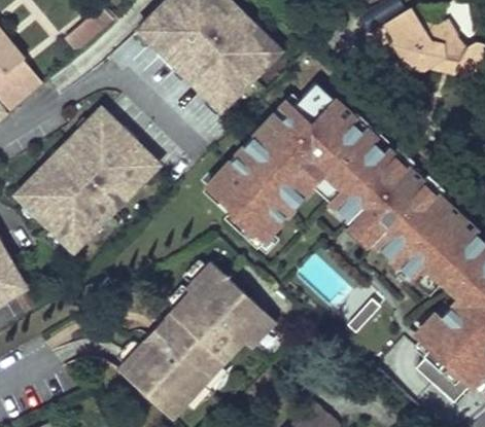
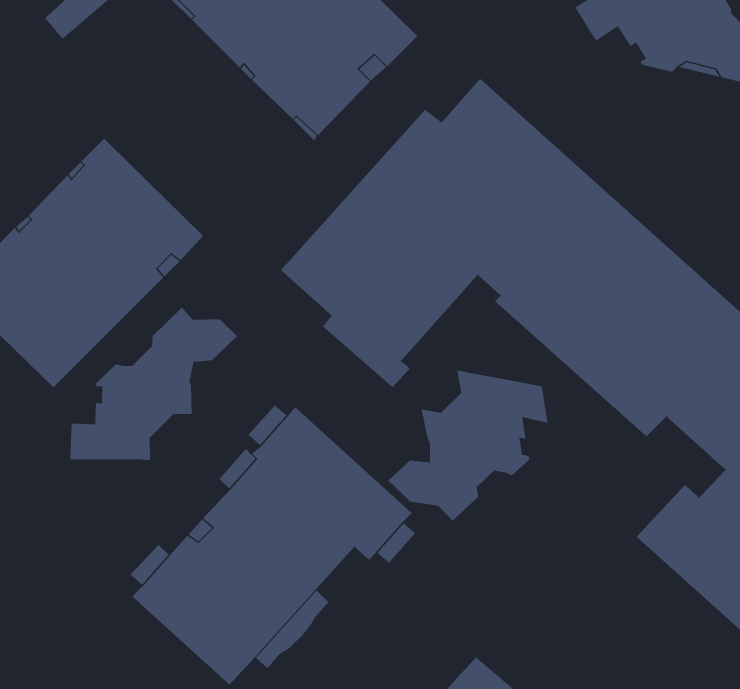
building: none -> [70,307,238,461]
building: none -> [387,369,549,522]

